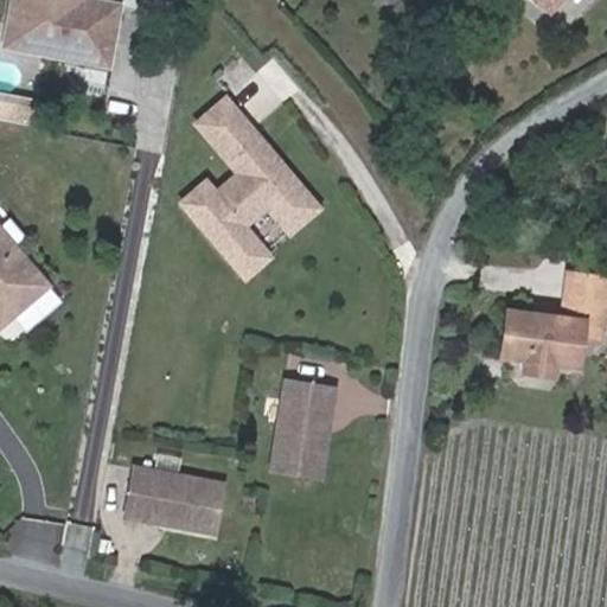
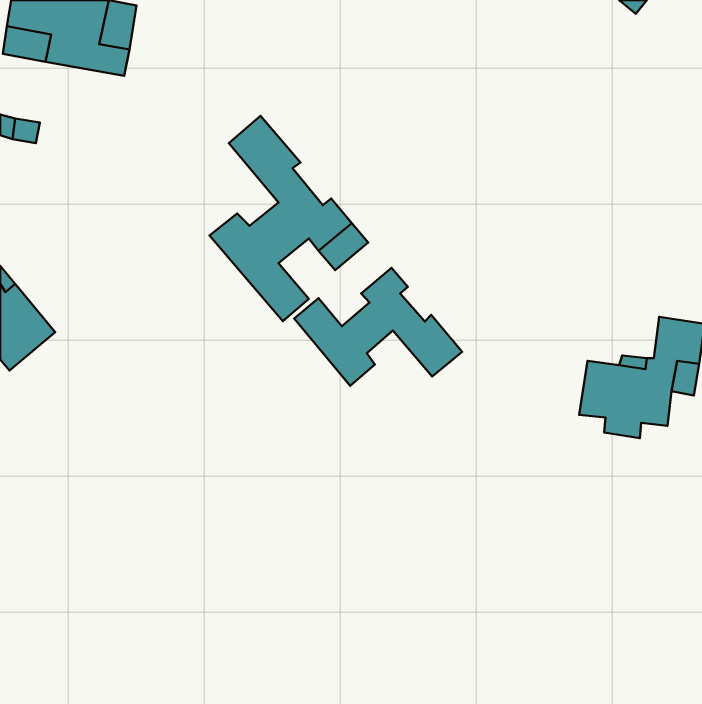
building: none -> [294,268,462,386]
building: [271,382,334,478] -> none
building: [127,468,223,532] -> none

